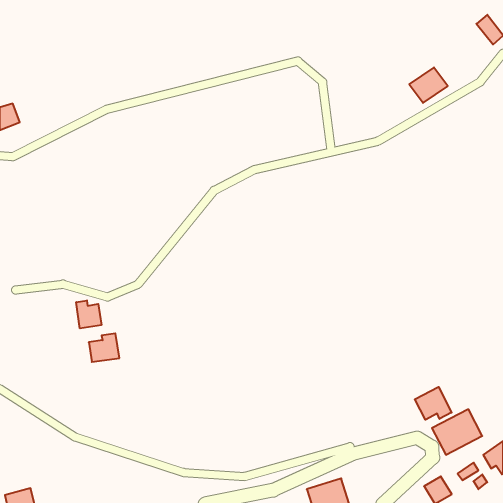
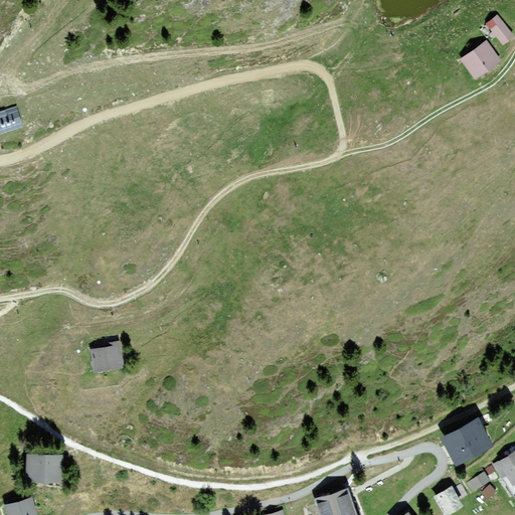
building: [409,67,448,103] -> [460,42,499,78]
building: [76,300,101,328] -> none
building: [415,387,452,420] -> none
building: none -> [26,455,63,482]

